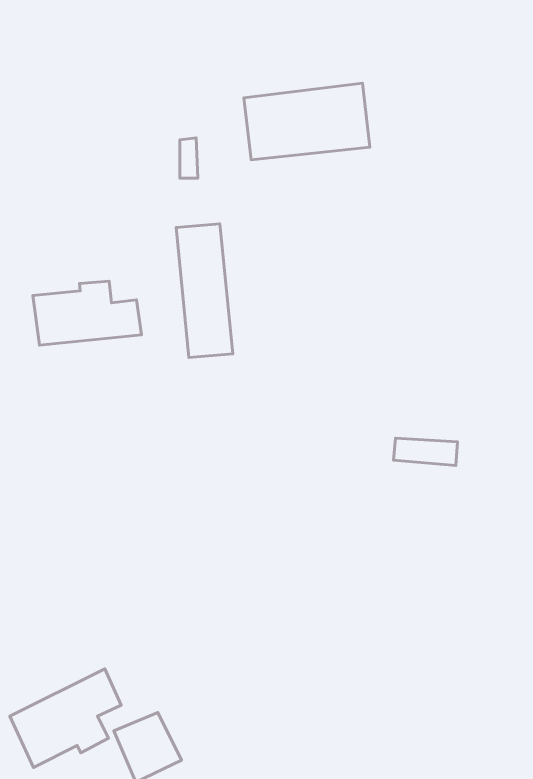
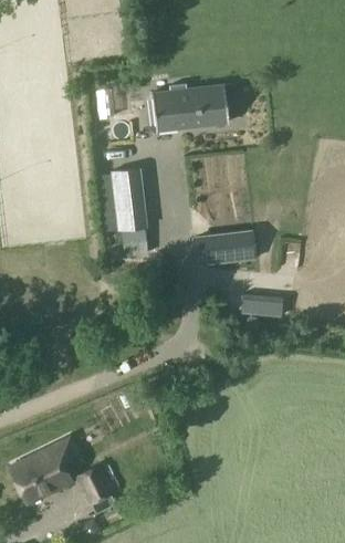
building: [33,281,141,345] -> none
building: none -> [191,226,252,260]

